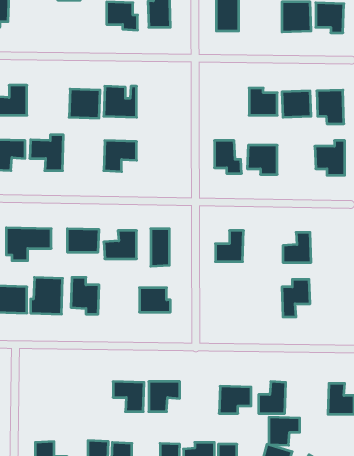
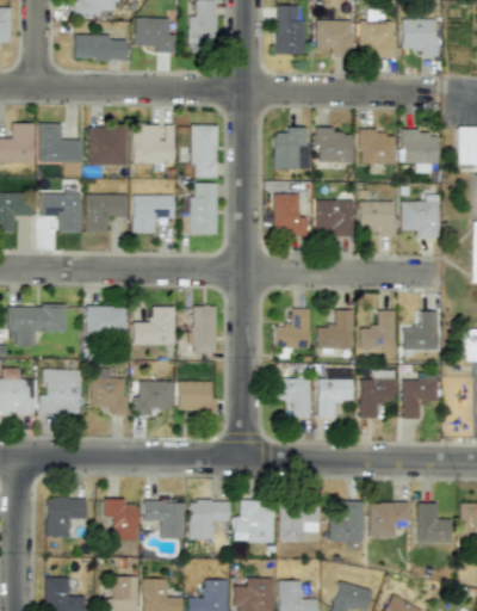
building: none -> [316,20,353,55]
building: none -> [74,37,128,61]
building: none -> [38,124,82,174]
building: none -> [191,125,218,179]
building: none -> [273,128,308,169]
building: none -> [191,184,217,235]
building: none -> [86,195,128,233]
building: none -> [359,202,395,237]
building: none -> [317,311,352,348]
building: none -> [402,311,439,351]
building: none -> [317,370,353,418]
building: none -> [402,374,438,419]
building: none -> [274,379,310,418]
building: none -> [134,381,173,415]
building: none -> [47,499,87,537]
building: none -> [104,499,140,541]
building: none -> [235,502,274,543]
building: [269,417,300,445] -> [370,502,409,538]

